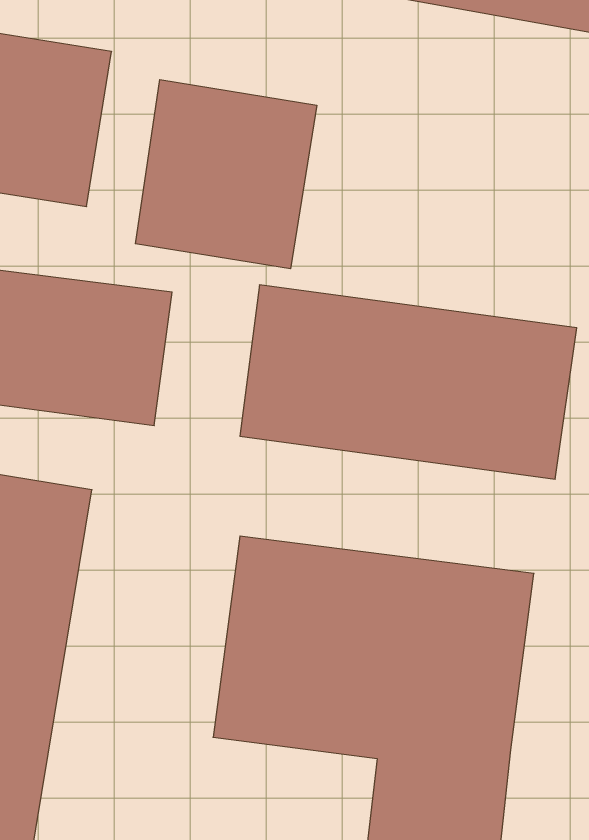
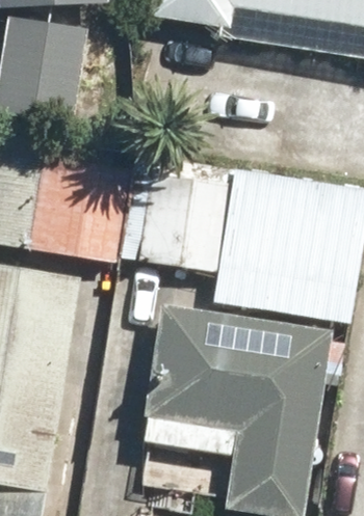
building: [135,80,317,269] -> none

